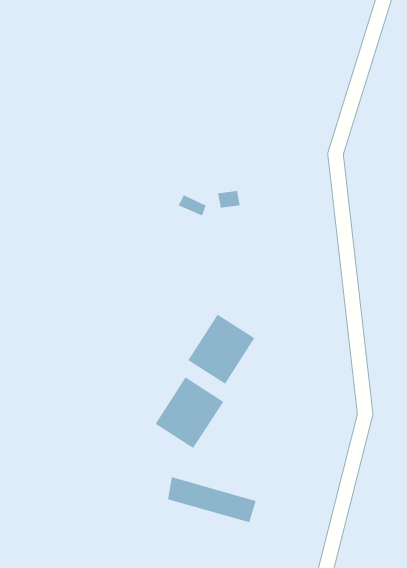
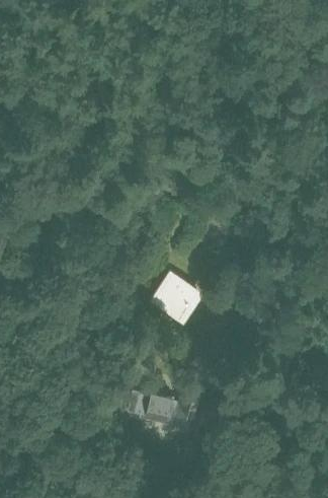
building: [155,377,224,449] -> none

